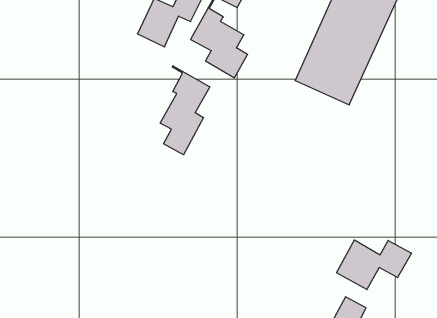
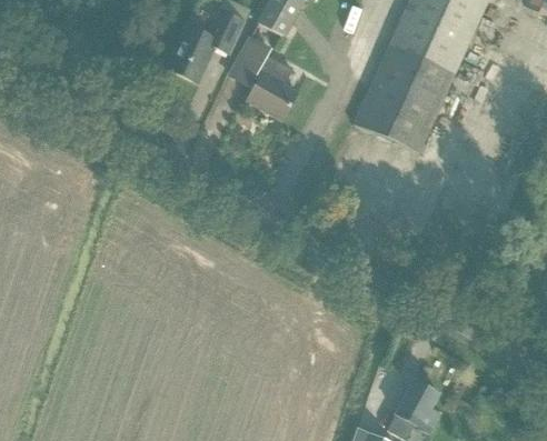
building: [160,66,210,155] -> none
building: [337,240,411,290] -> none

